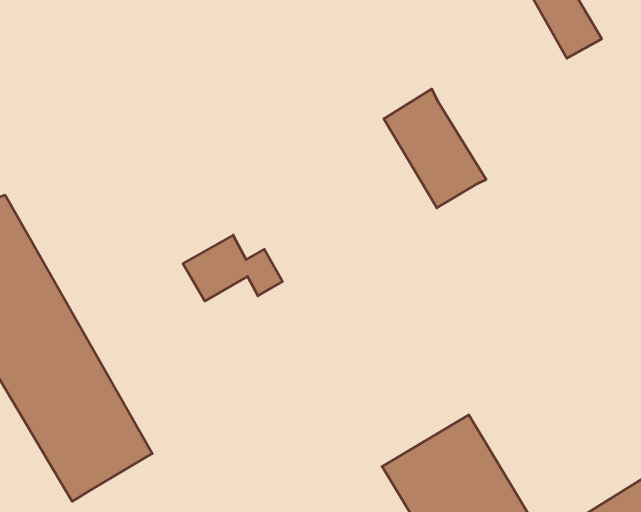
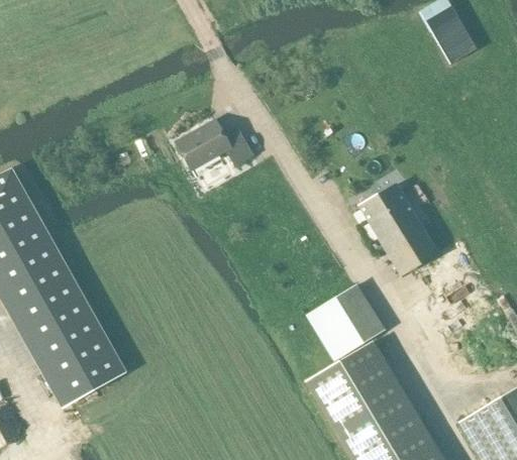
building: [384,89,486,208] -> [359,182,439,274]
building: [183,235,282,301] -> [177,118,254,169]
building: none -> [307,284,388,364]

